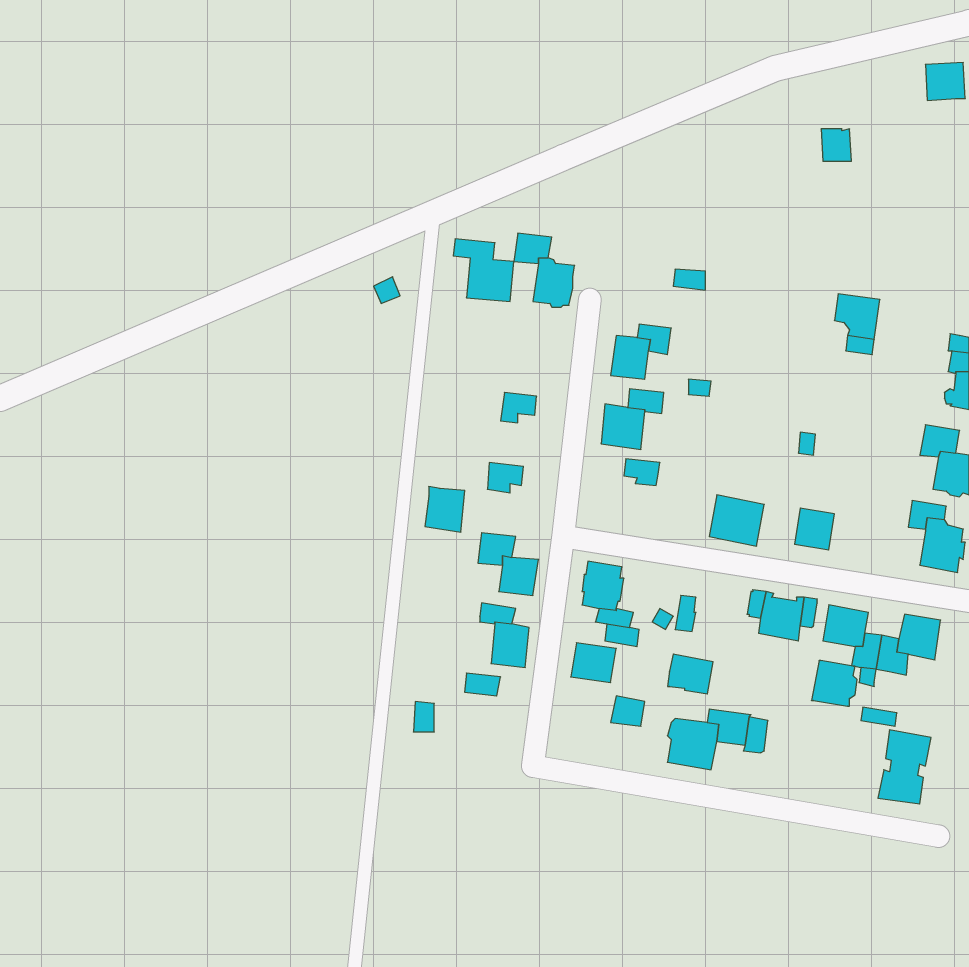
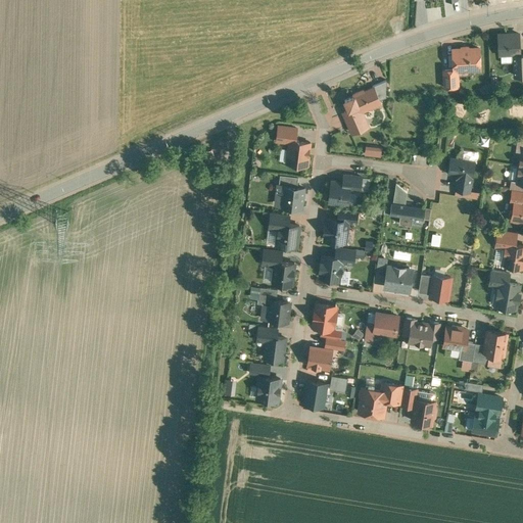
building: none -> [453,48,480,72]
building: none -> [340,87,379,135]
building: [453,239,514,301] -> [271,177,303,210]
building: none -> [388,205,424,228]
building: none -> [277,224,299,247]
building: none -> [320,256,344,282]
building: [425,487,465,532] -> [273,262,294,286]
building: [668,654,713,694] -> [374,314,398,335]
building: [811,661,857,706] -> [412,399,436,424]
building: none -> [257,377,280,401]
building: none -> [303,381,327,407]

